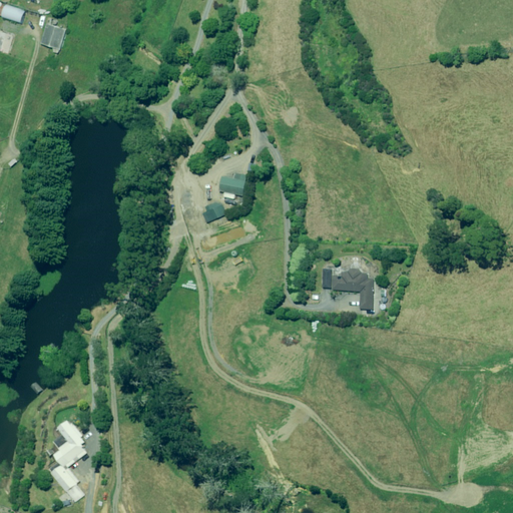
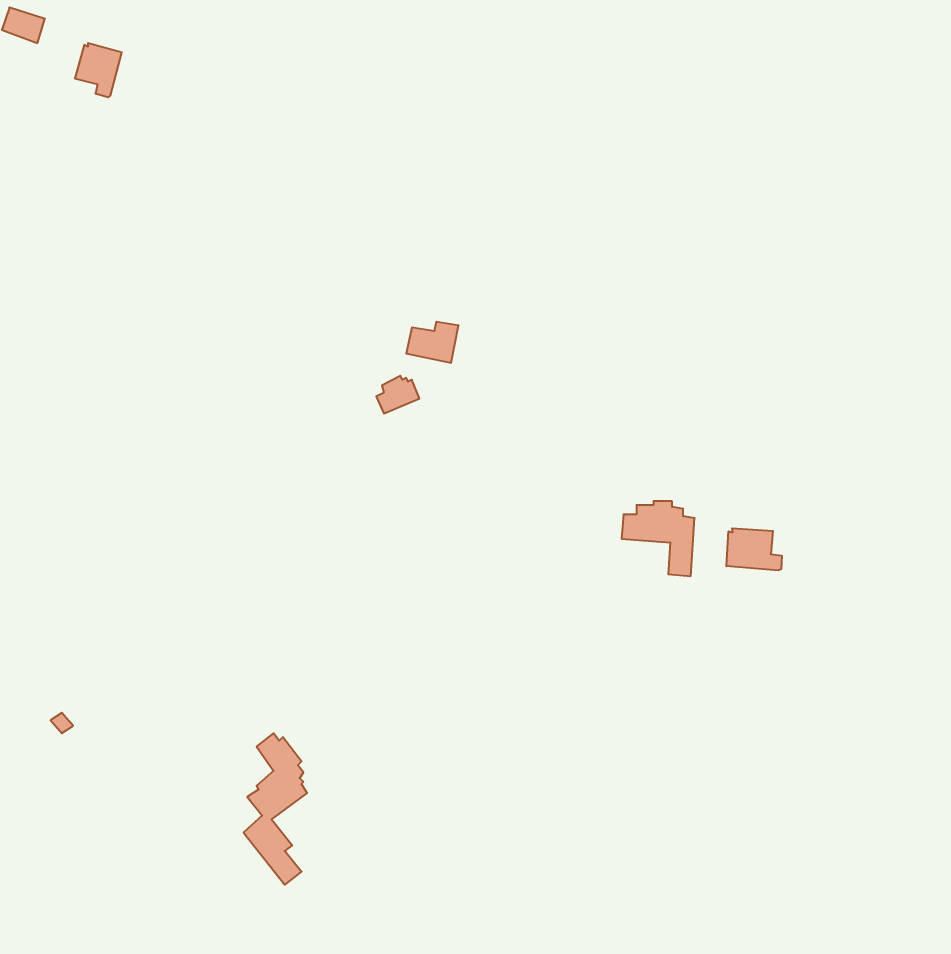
building: none -> [726,528,782,570]
building: [51,420,85,501] -> [244,733,307,885]

